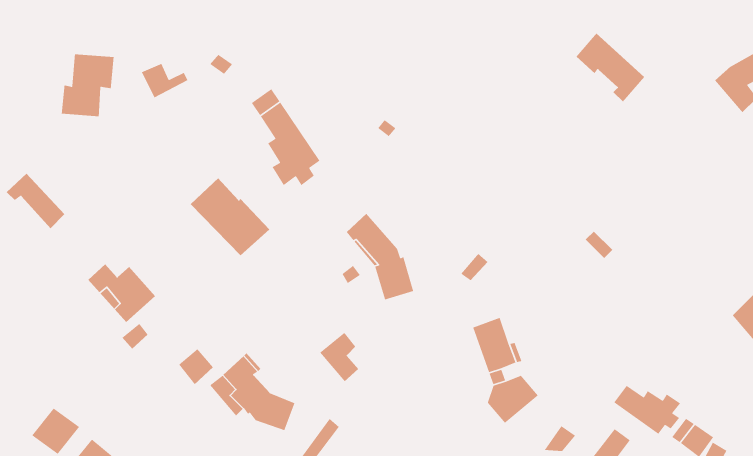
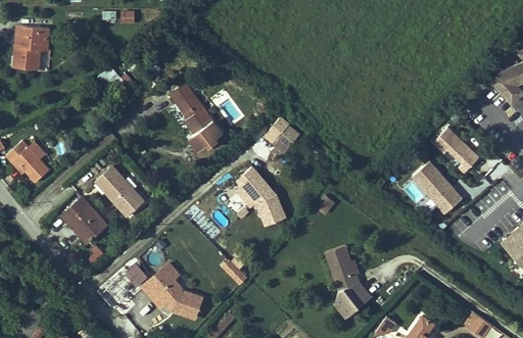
building: [576,33,645,102] -> [433,125,481,173]
building: [61,53,114,117] -> [8,28,45,71]
building: none -> [264,117,300,153]
building: [190,178,270,256] -> [93,163,148,218]
building: none -> [411,159,465,214]
building: [613,385,681,435] -> none

